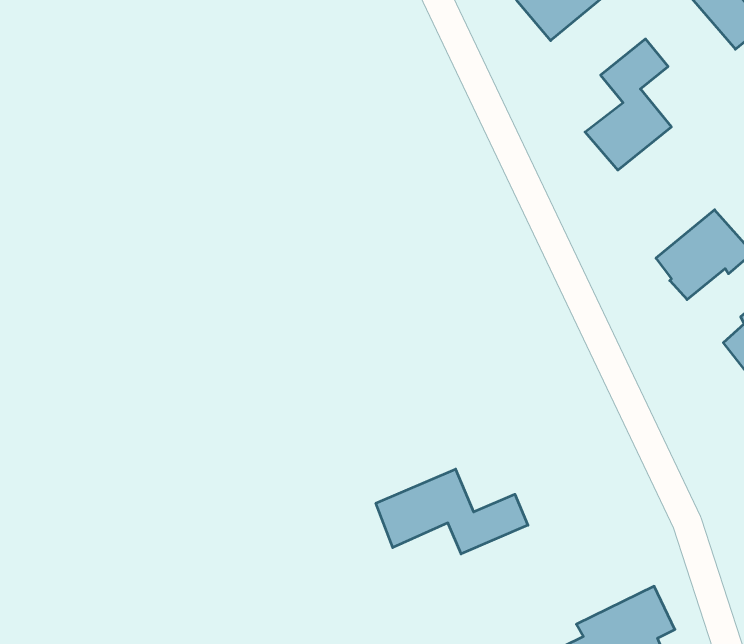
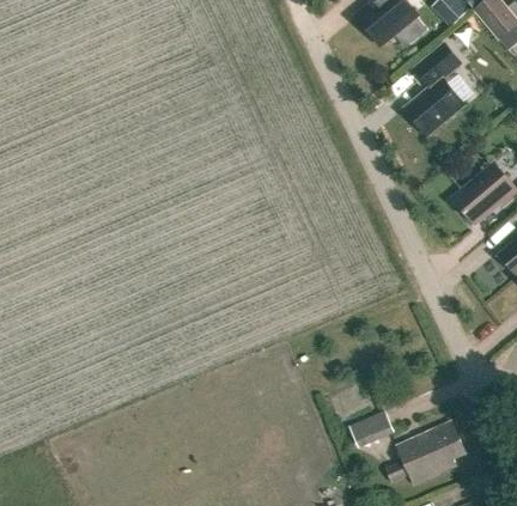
building: [376,469,528,554] -> none
building: none -> [351,408,393,446]

